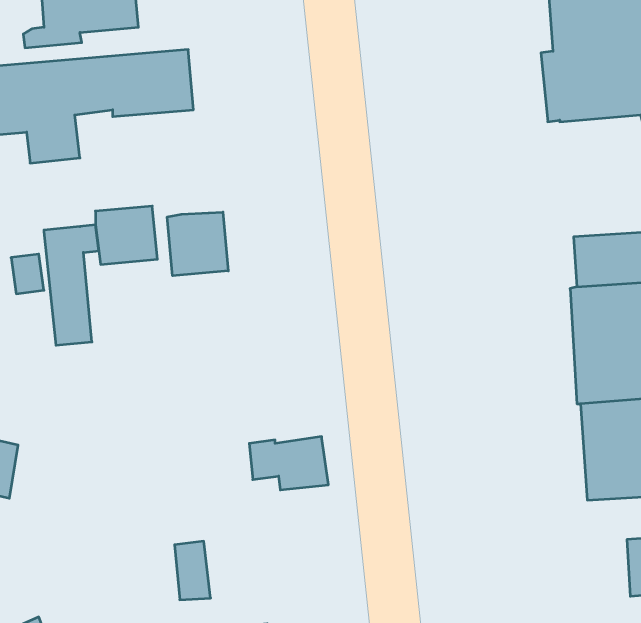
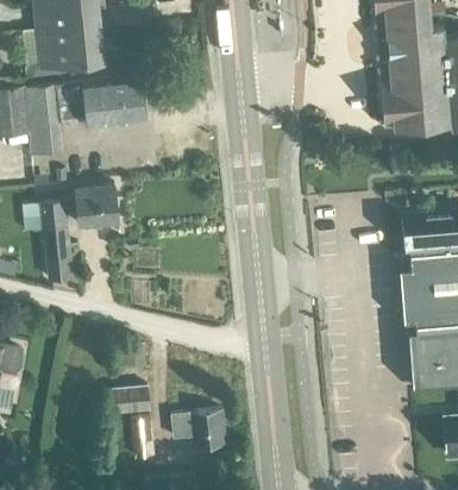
building: [167,212,228,276] -> none
building: [249,437,328,490] -> [170,412,225,448]
building: none -> [112,387,150,416]

